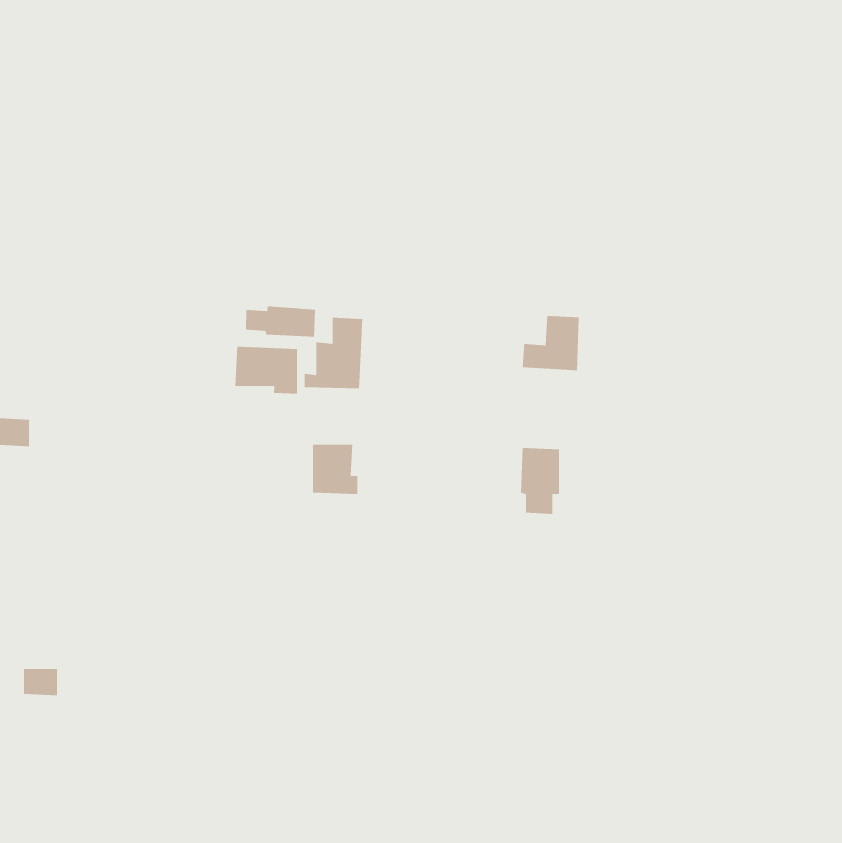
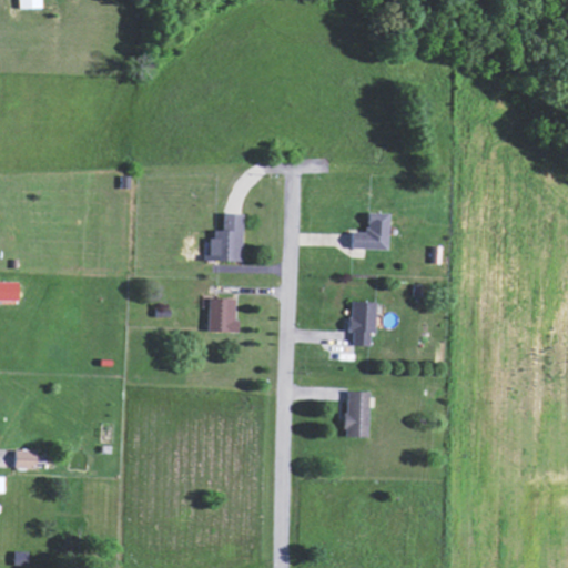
building: [245,306,316,338] -> none
building: [234,346,298,395] -> none
building: none -> [346,392,371,437]

